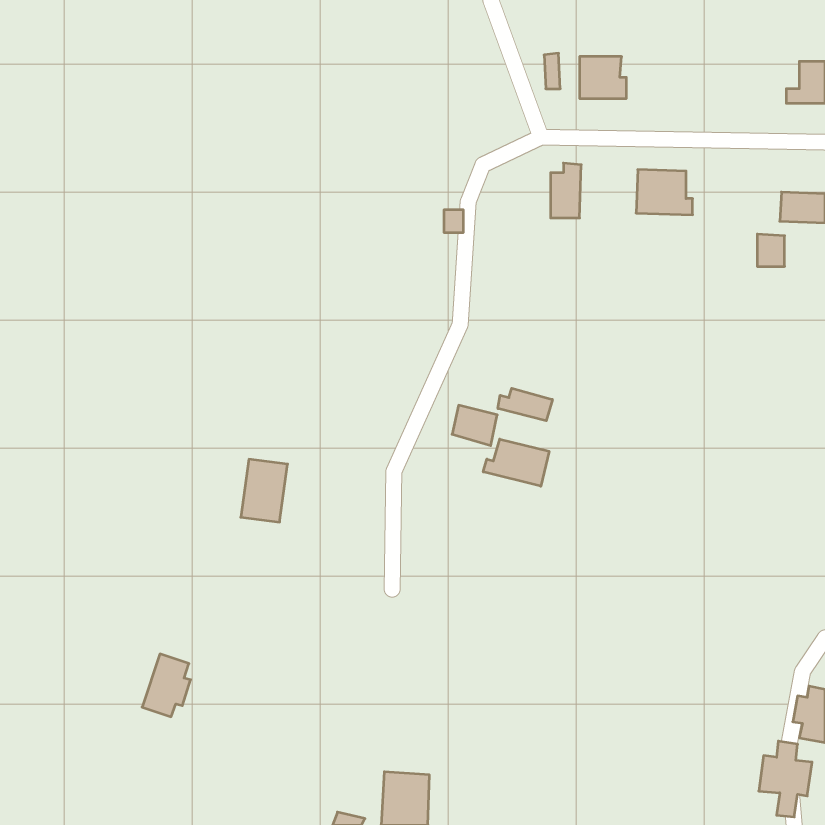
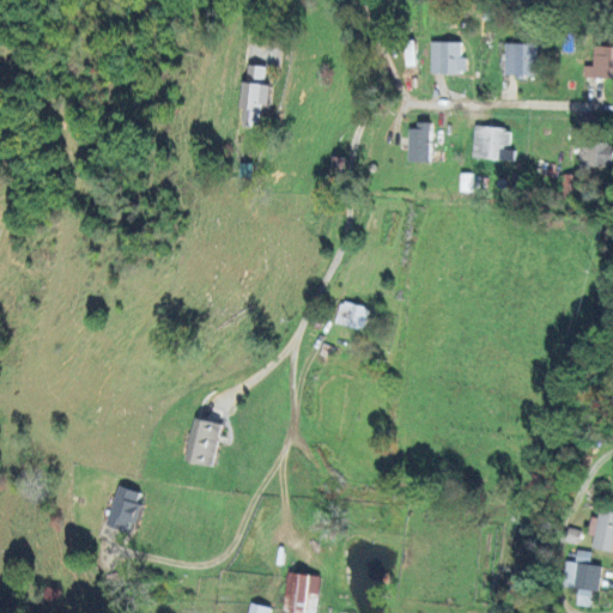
building: none -> [504,43,535,75]
building: none -> [241,65,272,126]
building: [498,388,552,421] -> none
building: [483,439,549,486] -> none
building: [241,459,288,522] -> [186,419,220,466]

